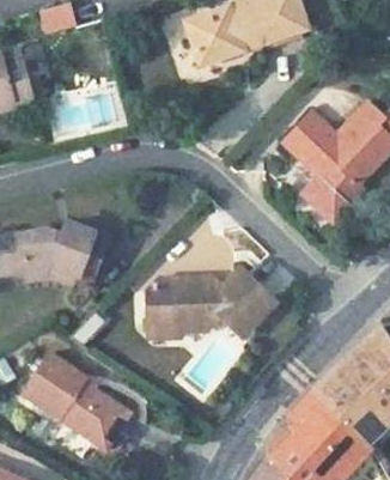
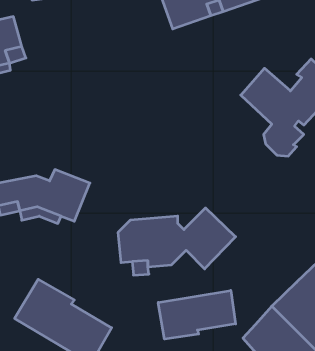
building: none -> [158,290,236,339]

